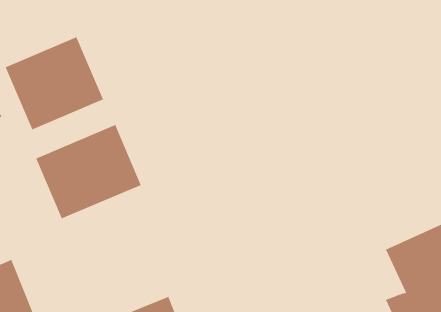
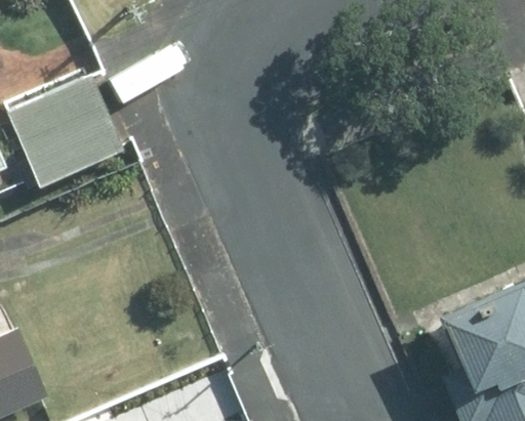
building: [35,124,142,219] -> none

